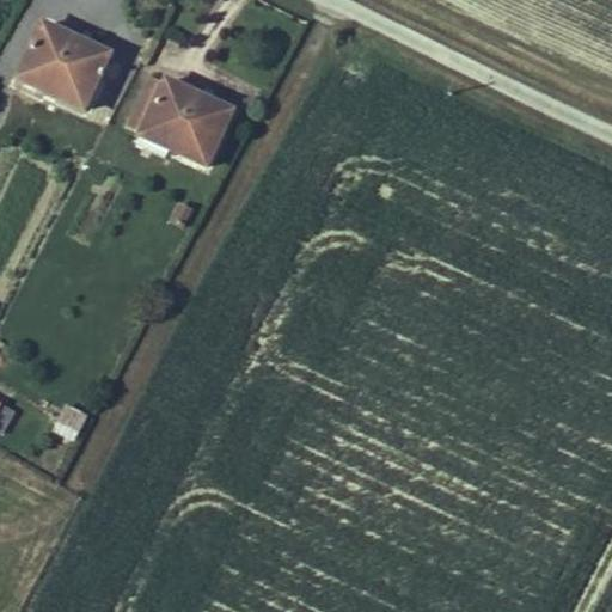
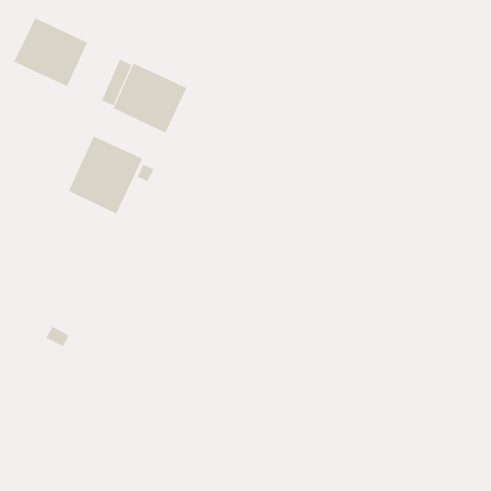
building: none -> [68,136,143,214]

